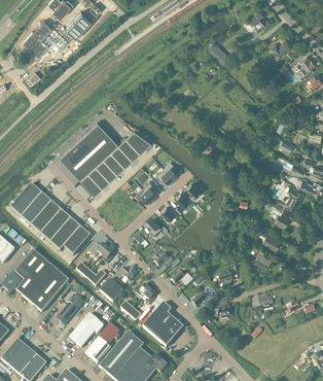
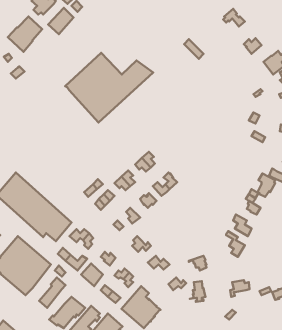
building: [60,120,152,194] -> [65,53,153,122]

